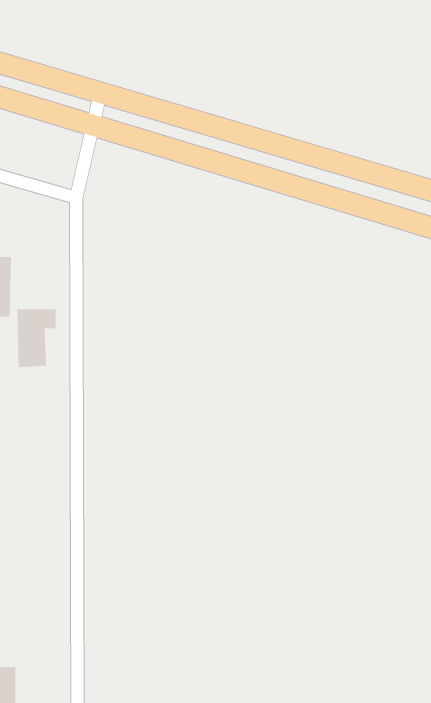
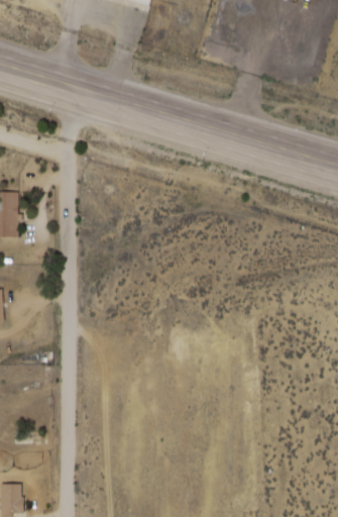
building: [17,309,56,368] -> none

